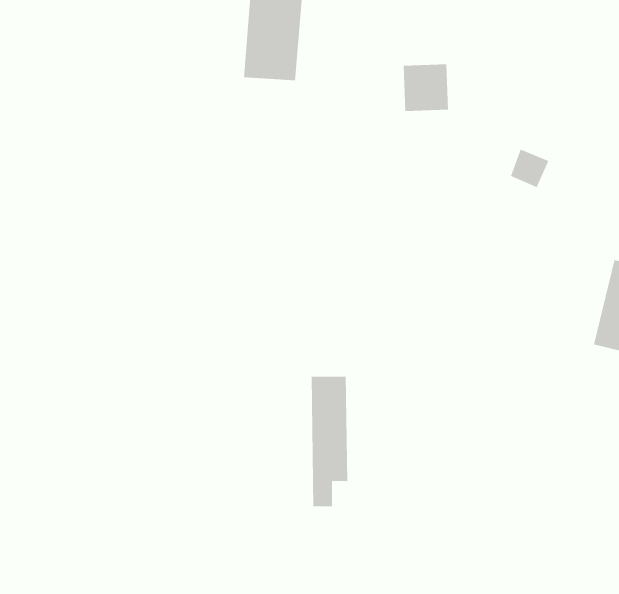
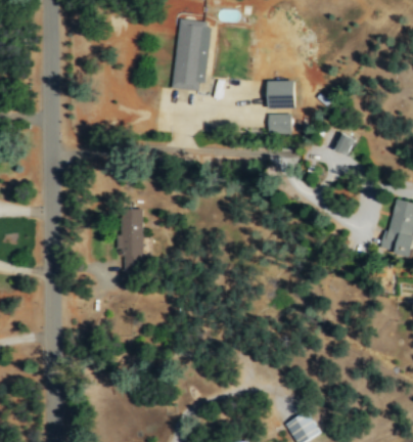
building: none -> [268,114,292,134]
building: [311,376,348,507] -> [121,210,143,289]

